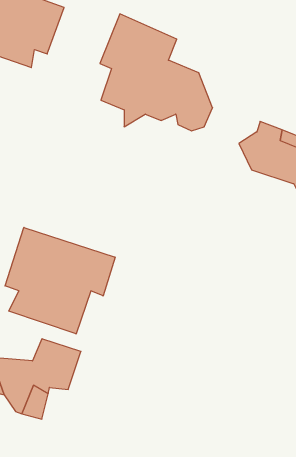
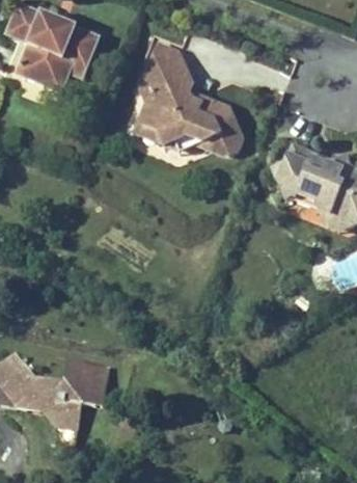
building: [5,227,115,334] -> none

